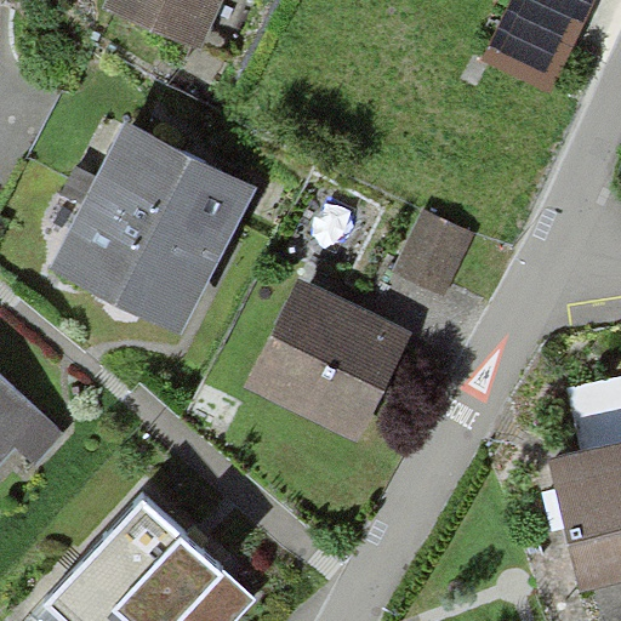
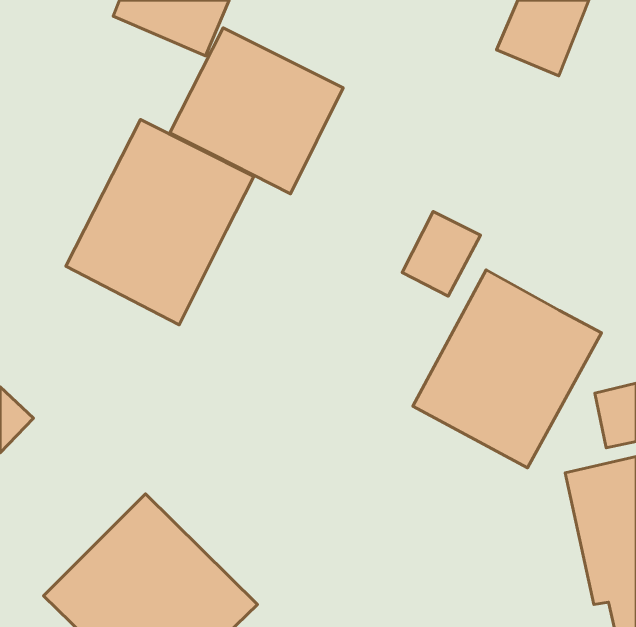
building: none -> [170,28,343,194]
building: none -> [413,270,601,468]
building: [250,278,412,438] -> none

